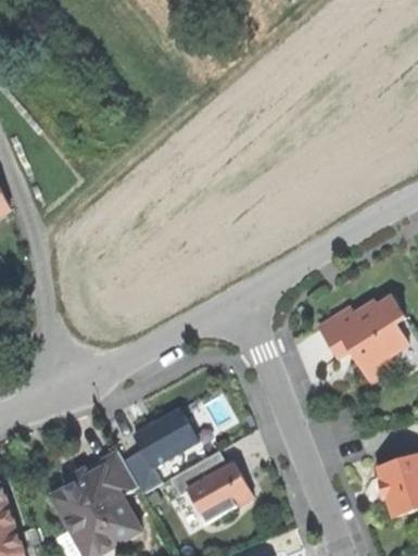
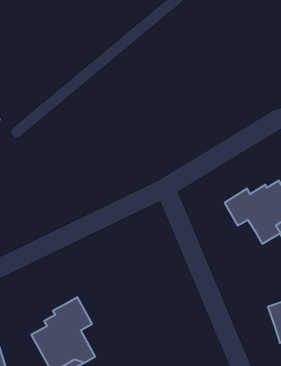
building: [123,408,198,494] -> none
building: [169,453,253,521] -> none

